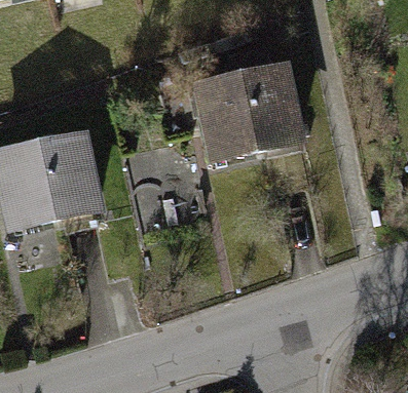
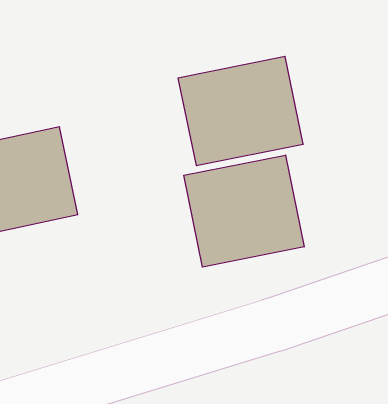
building: none -> [184,155,304,267]

